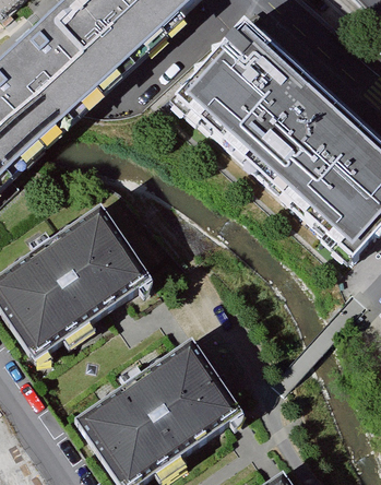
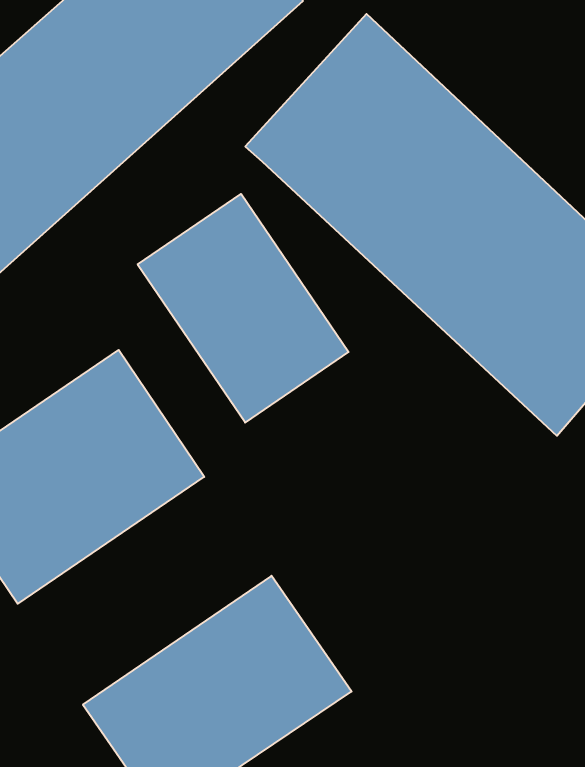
building: none -> [138,194,349,423]

